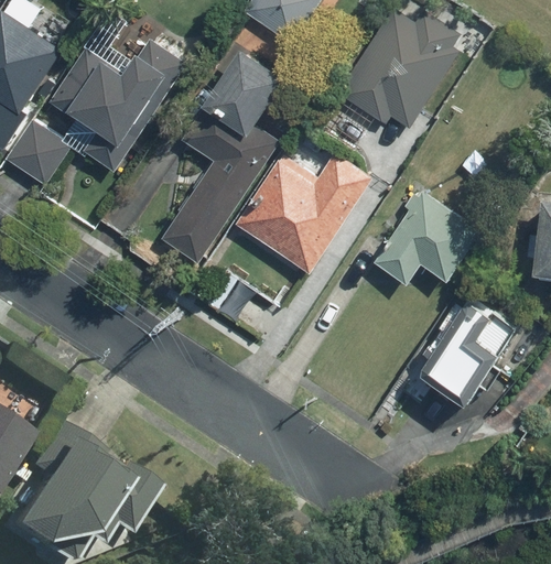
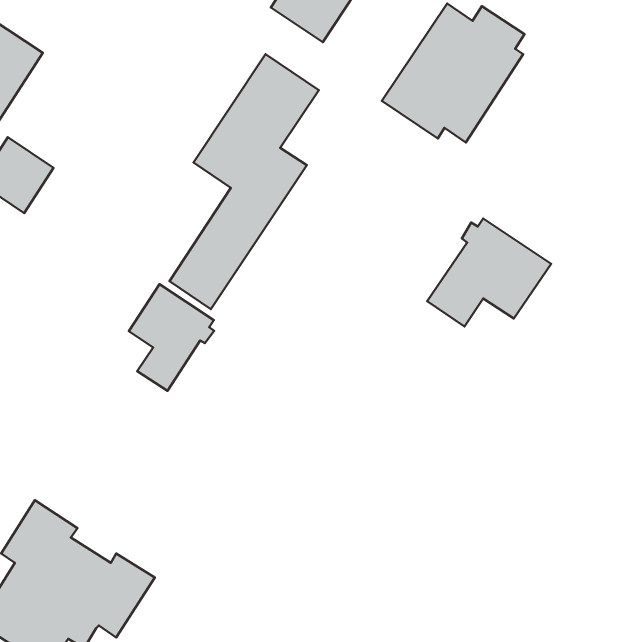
building: [51,41,183,170] -> none
building: [236,156,370,272] -> none
building: none -> [129,284,214,391]
building: [426,293,503,393] -> none

